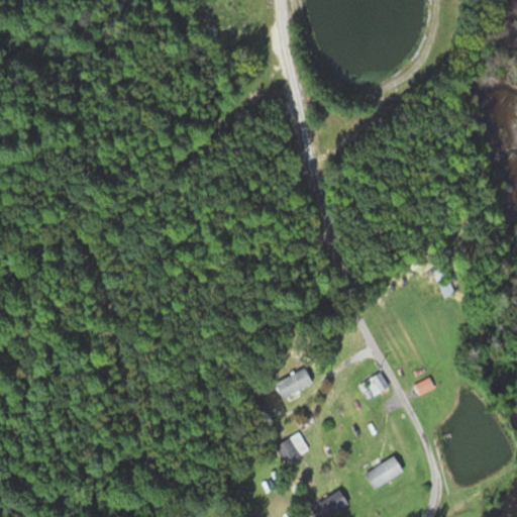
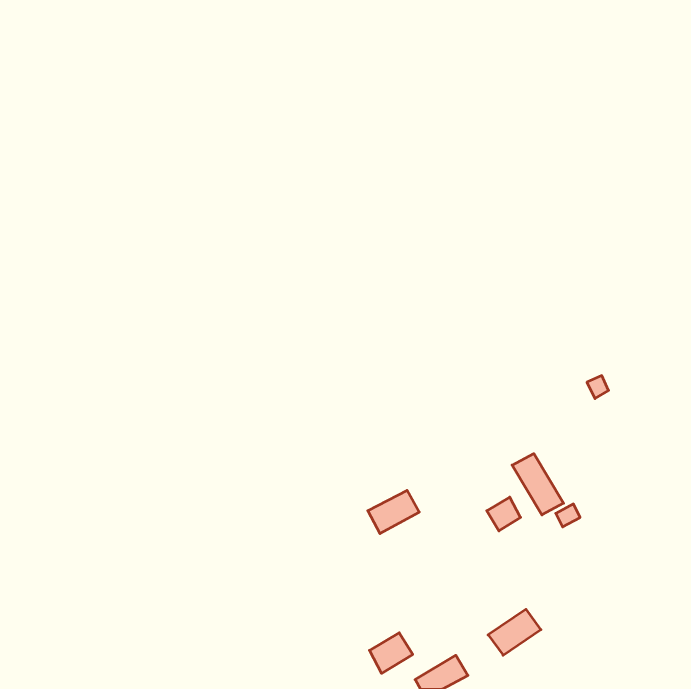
building: none -> [512,454,564,515]
building: [277,433,309,463] -> [369,633,413,673]

